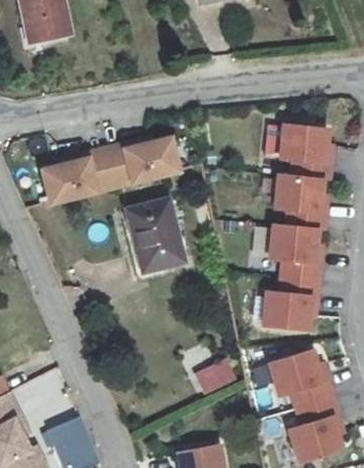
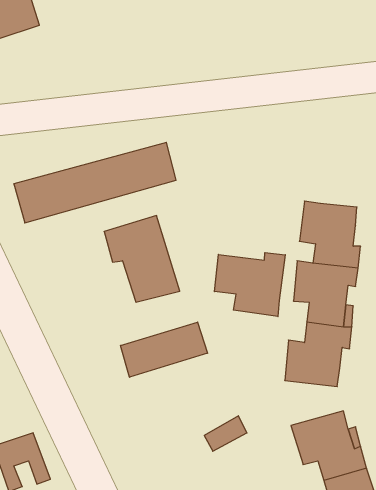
building: [284,129,334,185] -> none
building: none -> [214,253,285,317]
building: none -> [121,322,208,377]

